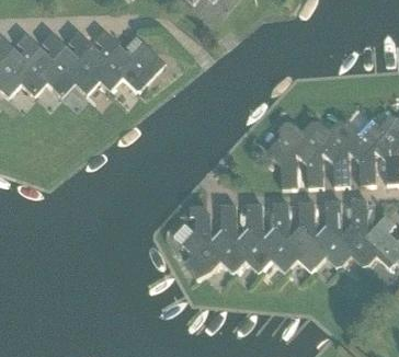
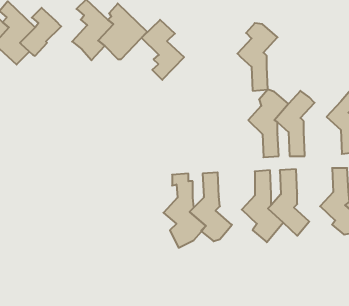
building: [62,38,104,94] -> none
building: none -> [142,20,184,80]
building: [319,118,360,186] -> [237,23,278,91]
building: [312,199,354,266] -> none
building: [233,203,275,273] -> none

